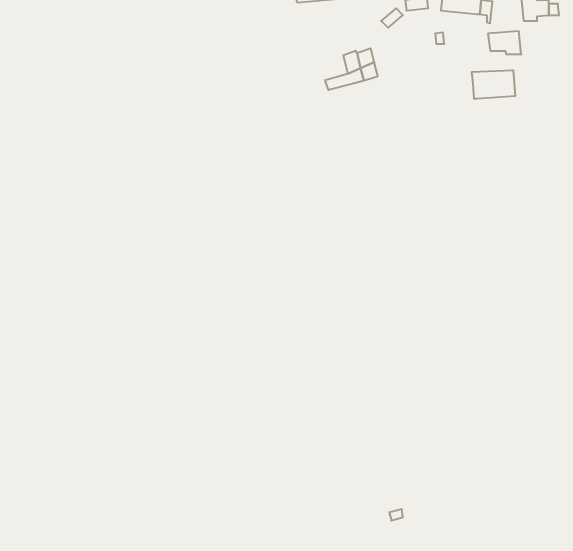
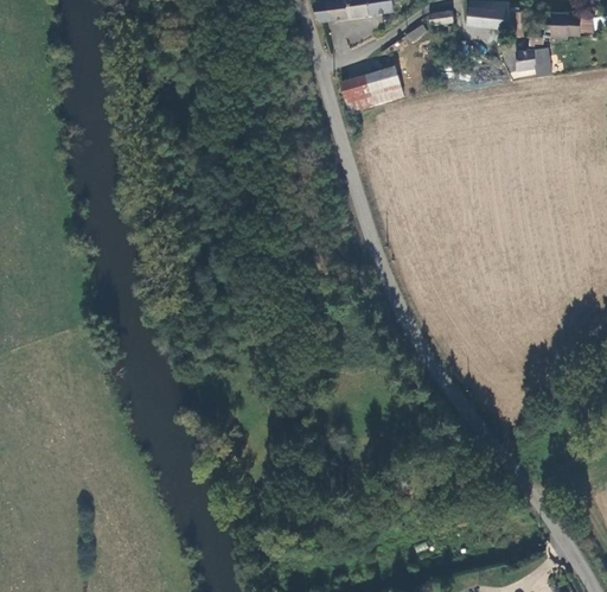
building: none -> [343,72,371,98]
building: [472,70,515,99] -> none

